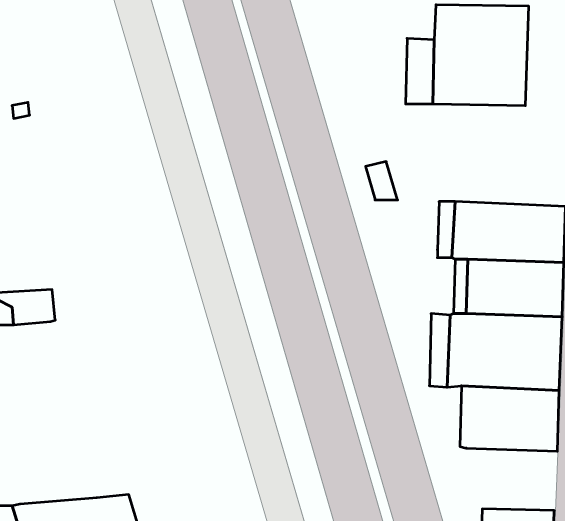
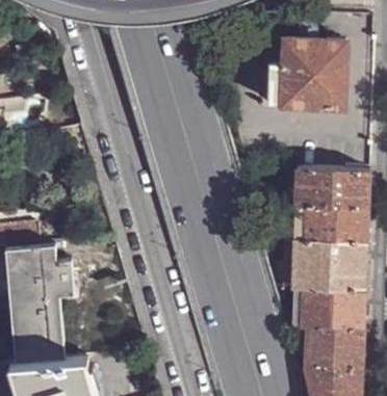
building: none -> [7,246,75,364]
building: none -> [306,327,365,368]

